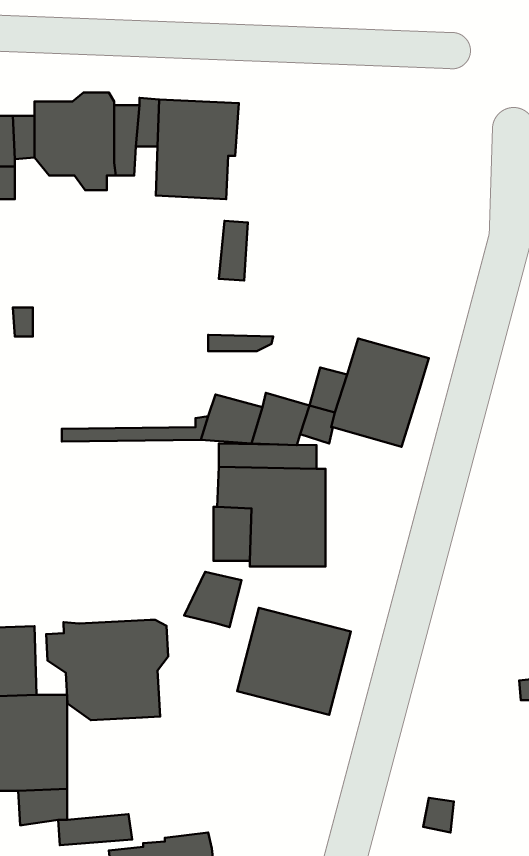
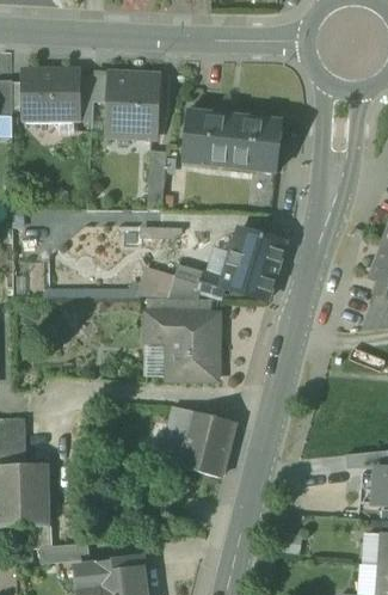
building: none -> [183,111,283,171]
building: [184,572,241,627] -> none
building: [46,620,168,720] -> none

